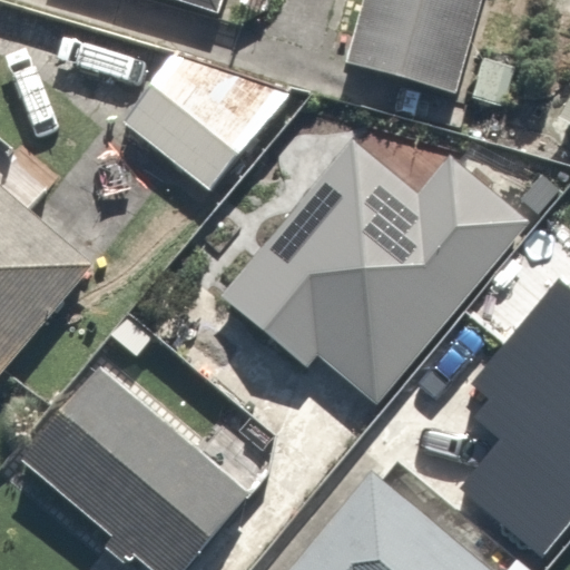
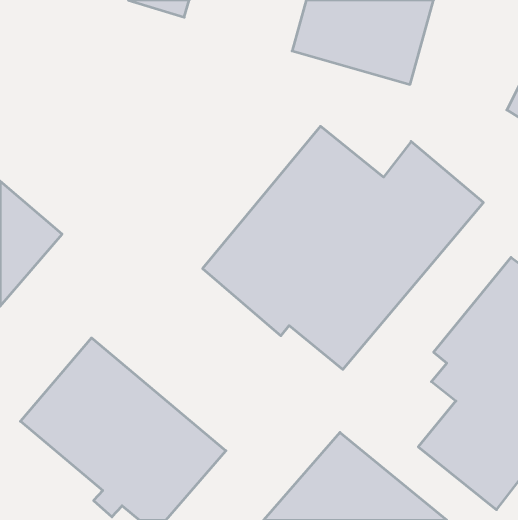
building: [104,36,254,185] -> none

